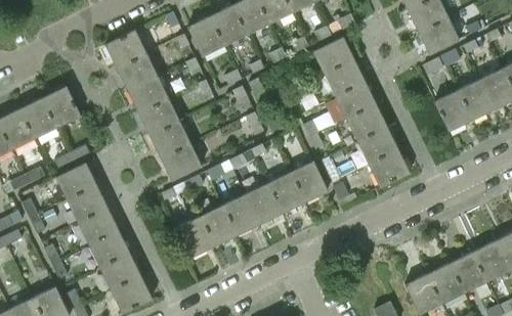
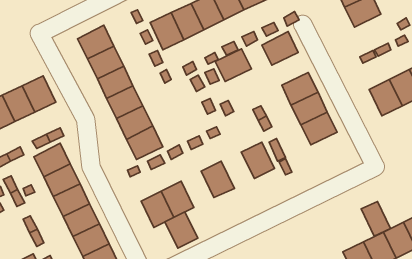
building: [418,17,459,55] -> none
building: [325,60,366,97] -> [215,49,252,81]
building: [369,150,410,188] -> none
building: [267,173,305,214] -> none
building: [222,194,259,235] -> [165,212,198,248]
building: none -> [361,201,390,236]

